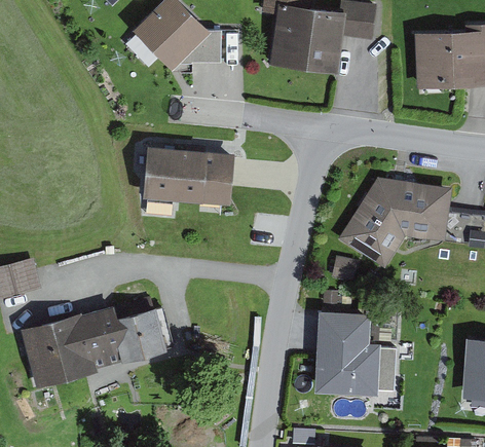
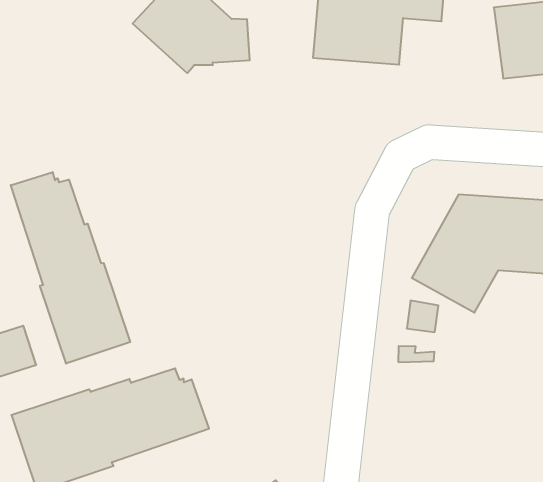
building: none -> [11,172,130,364]
building: [143,147,235,207] -> none
building: [314,311,397,397] -> none

